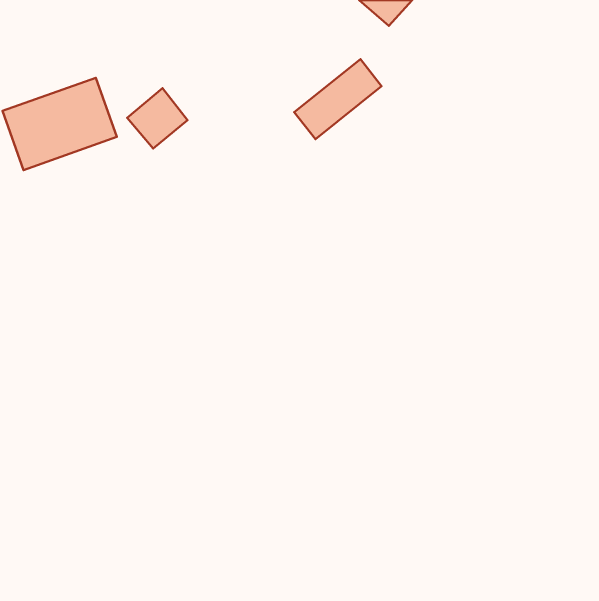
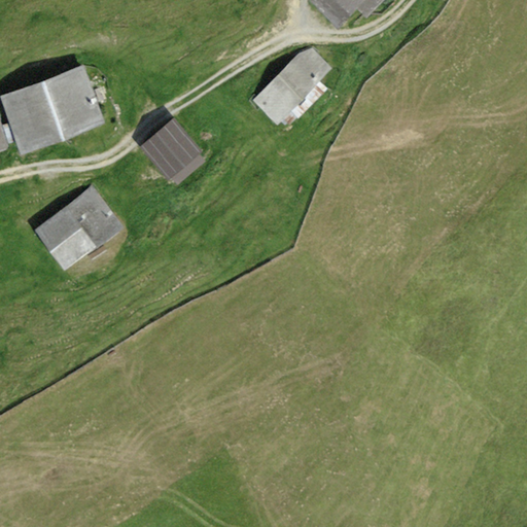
building: [127,88,187,149] -> [138,122,190,175]
building: none -> [35,179,117,256]

